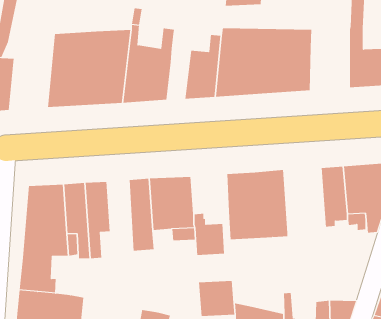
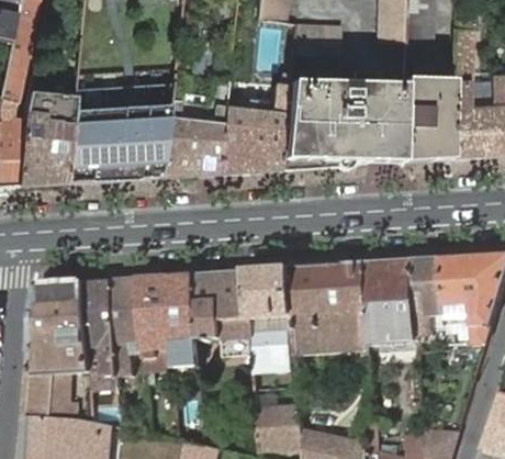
building: none -> [402,78,452,160]
building: none -> [16,91,74,186]
building: none -> [218,107,248,172]
building: none -> [368,259,420,343]
building: none -> [249,267,296,318]
building: none -> [142,275,175,368]

